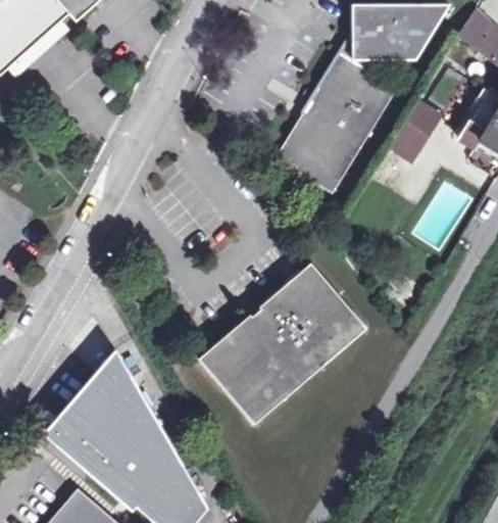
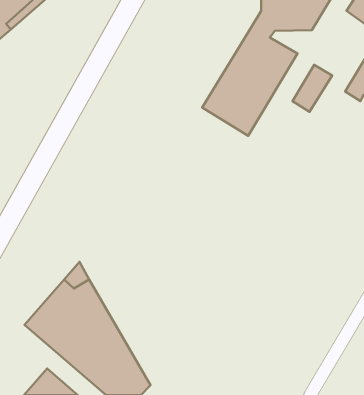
building: [194,262,362,424] -> none

